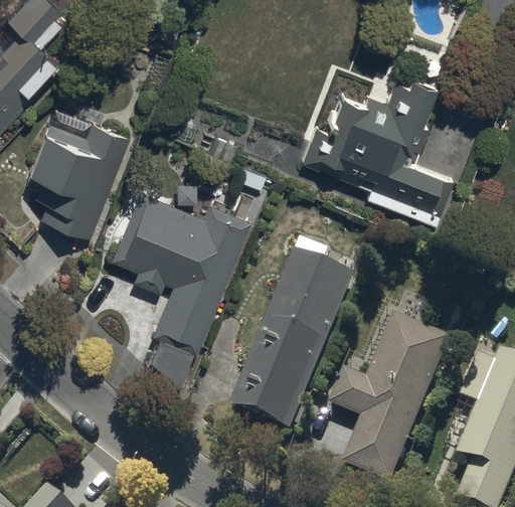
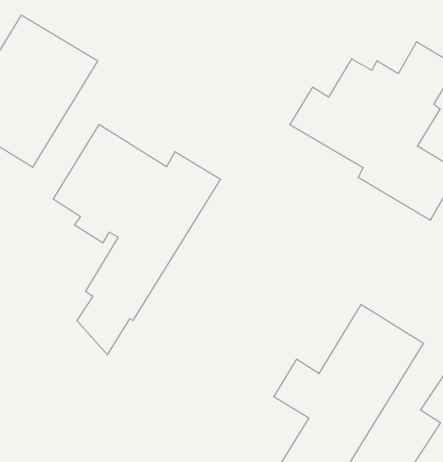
building: [229,232,354,428] -> none

